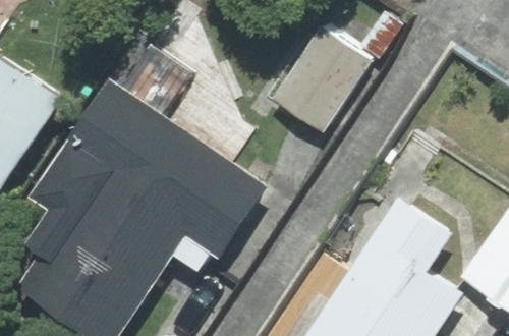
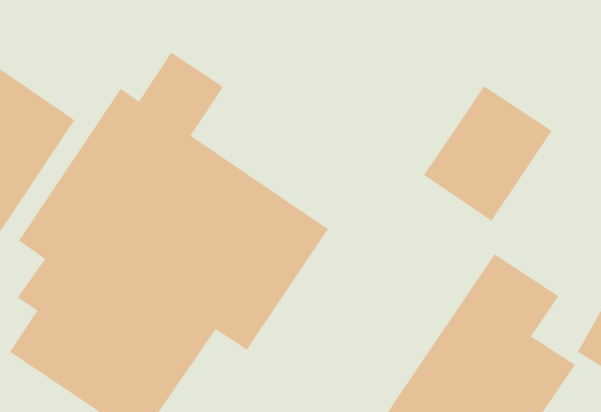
building: [267,23,369,130] -> [423,86,553,221]

